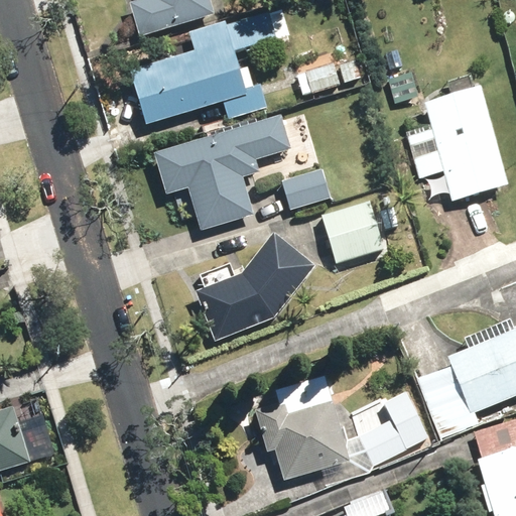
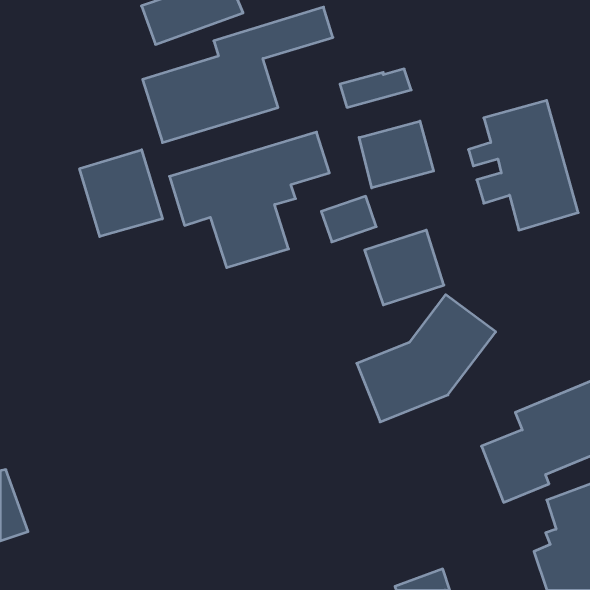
building: none -> [359,121,434,188]
building: none -> [80,150,162,237]
building: [197,230,316,340] -> [357,295,496,422]
building: [253,373,431,485] -> none

